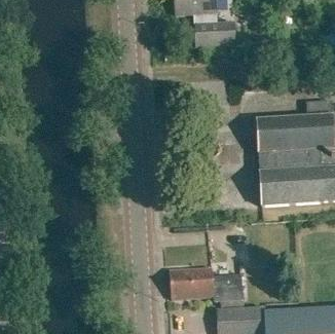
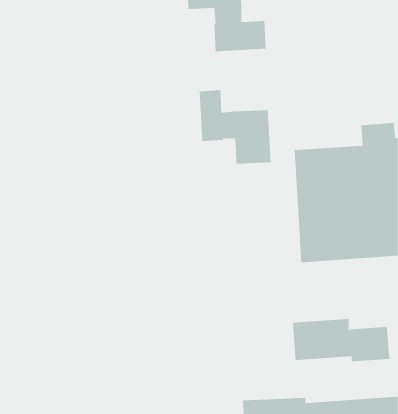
building: none -> [199,90,271,165]
building: [169,267,243,300] -> [292,318,390,362]

